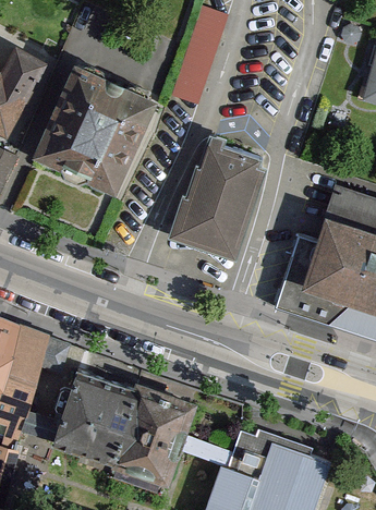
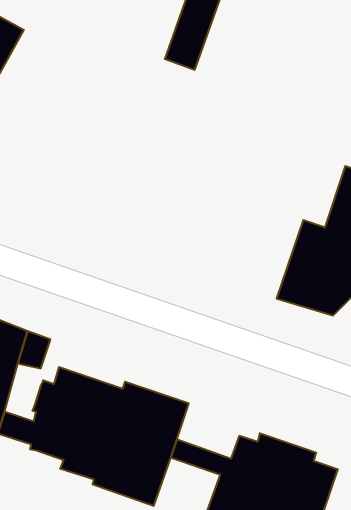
building: [31,65,154,192] -> none
building: [167,142,266,260] -> none

